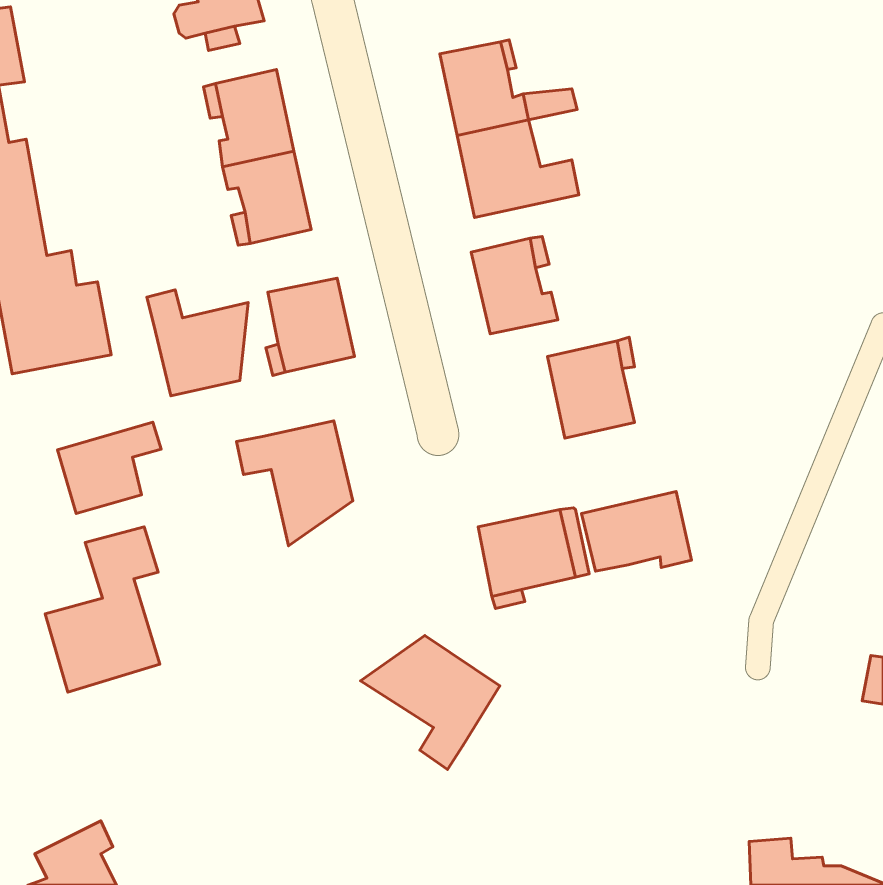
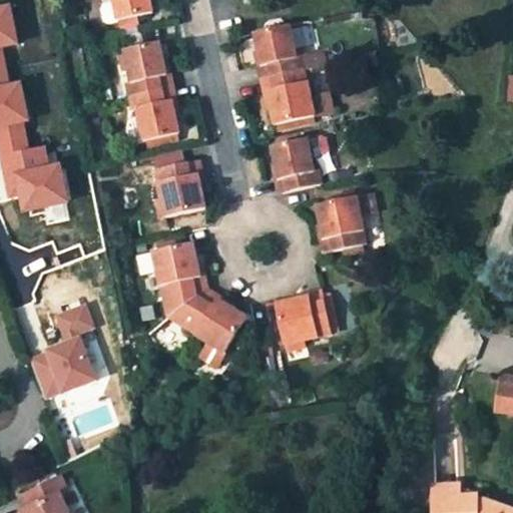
building: [147,290,248,396] -> none
building: [57,422,161,513] -> none
building: [581,492,691,571] -> none
building: [361,636,500,769] -> [166,289,246,366]

